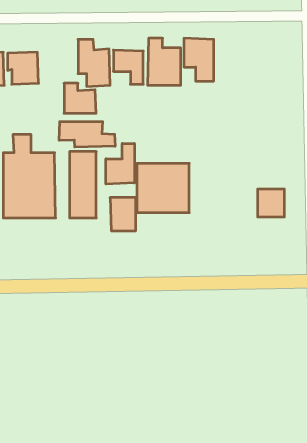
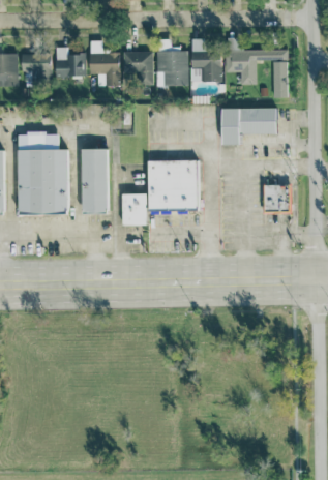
building: none -> [227,37,289,97]
building: [64,83,96,113] -> [56,47,87,76]
building: none -> [220,108,276,144]
building: [59,122,115,147] -> none
building: [106,143,134,184] -> none

